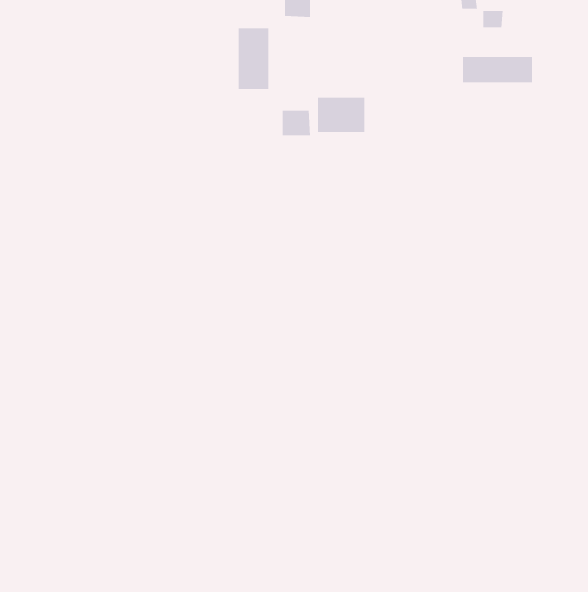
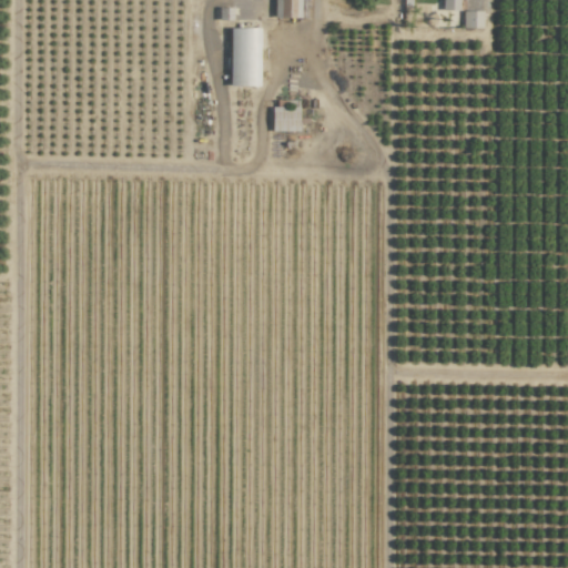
building: [462,56,532,83] -> none
building: [318,97,365,133] -> none

